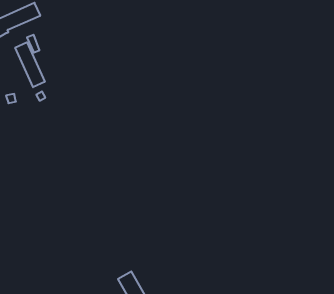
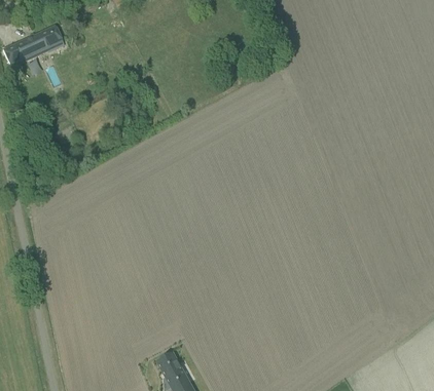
building: [15,42,45,87] -> none

